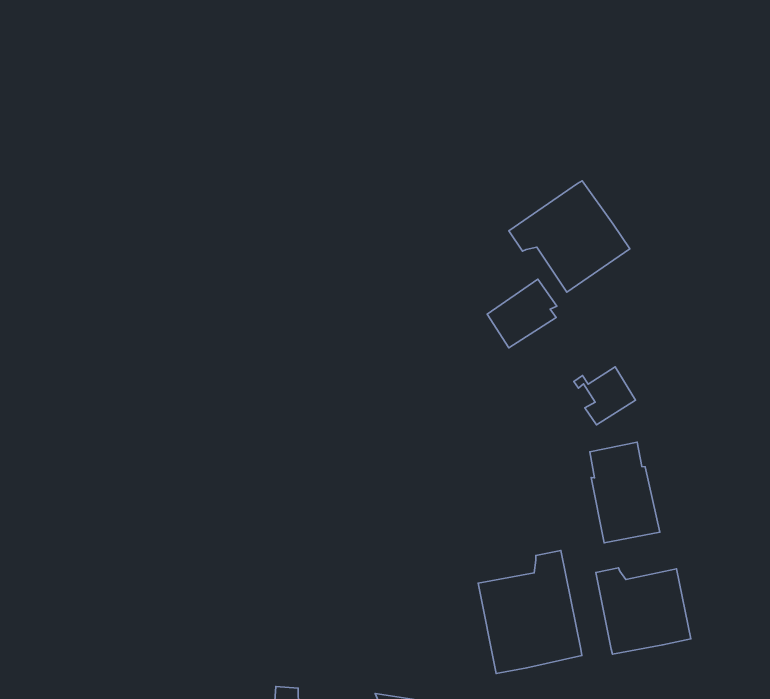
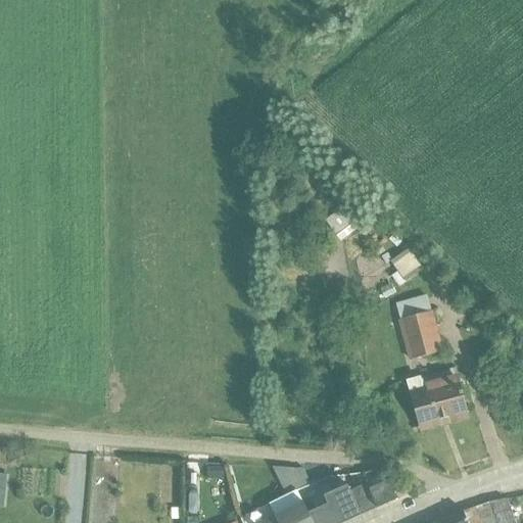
building: [509,181,630,292] -> none
building: [478,551,582,673] -> none

